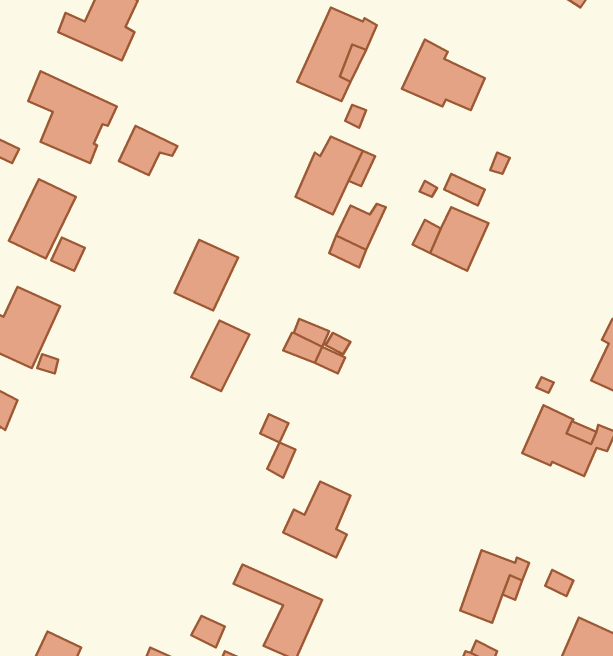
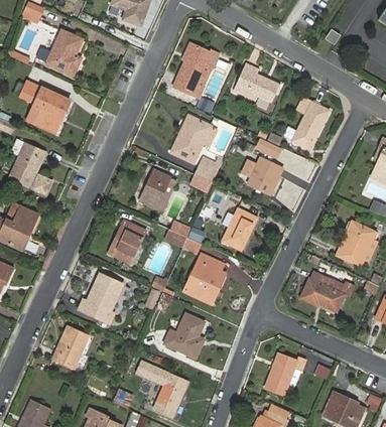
building: none -> [292,98,330,149]
building: [119,126,177,175] -> none
building: [174,240,238,311] -> [140,170,176,210]
building: none -> [223,208,257,250]
building: none -> [189,255,225,302]
building: none -> [80,274,123,322]
building: none -> [52,326,89,369]

